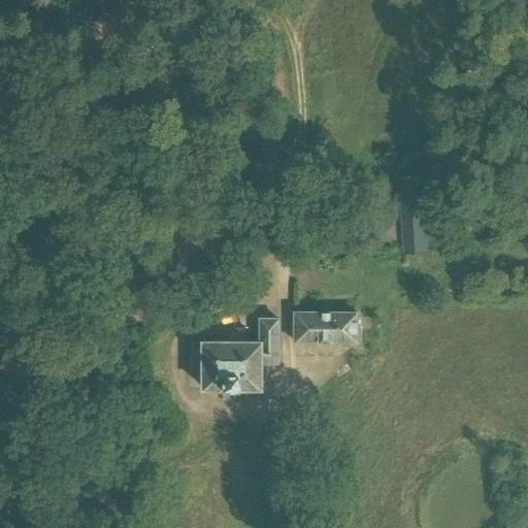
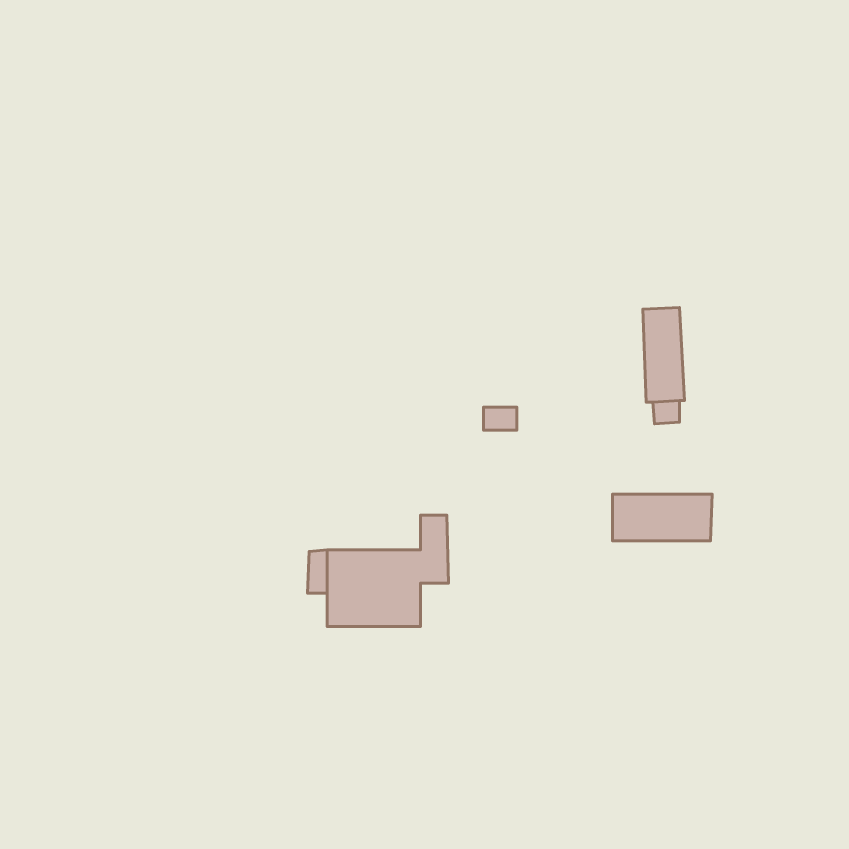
building: [295,312,357,341] -> [612,494,712,541]

